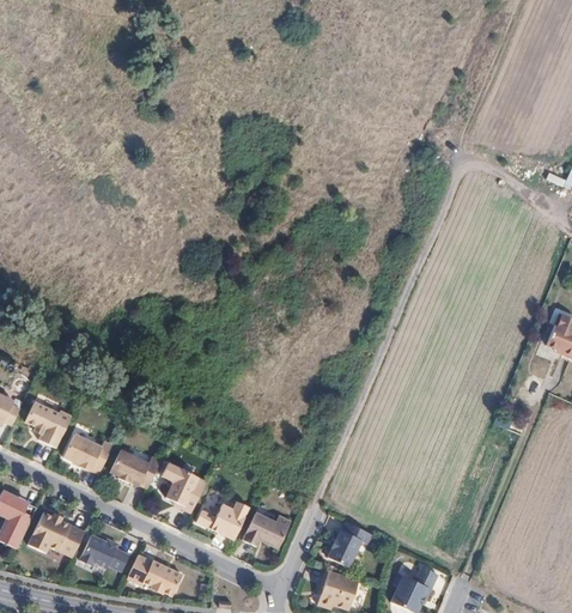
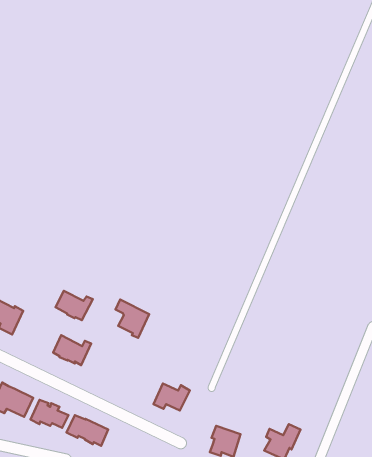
building: [63,433,112,472] -> [56,291,93,320]
building: [162,461,206,511] -> [116,300,149,338]
building: [196,500,250,539] -> none
building: [327,521,372,565] -> none

